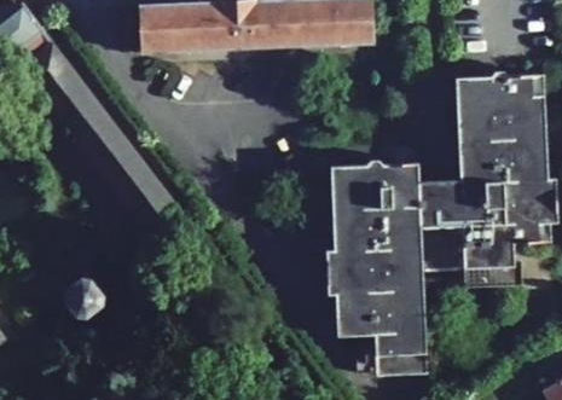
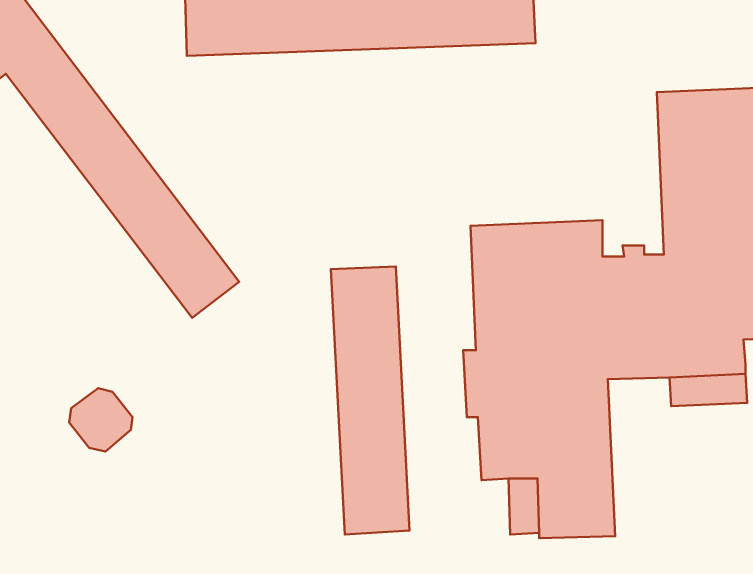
building: none -> [331,267,410,535]

